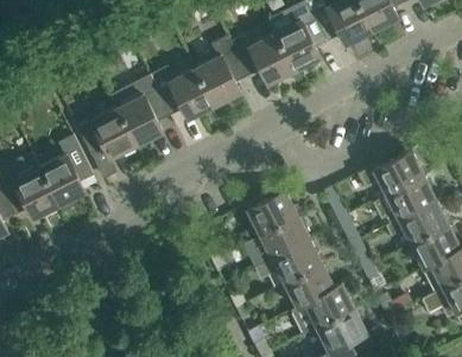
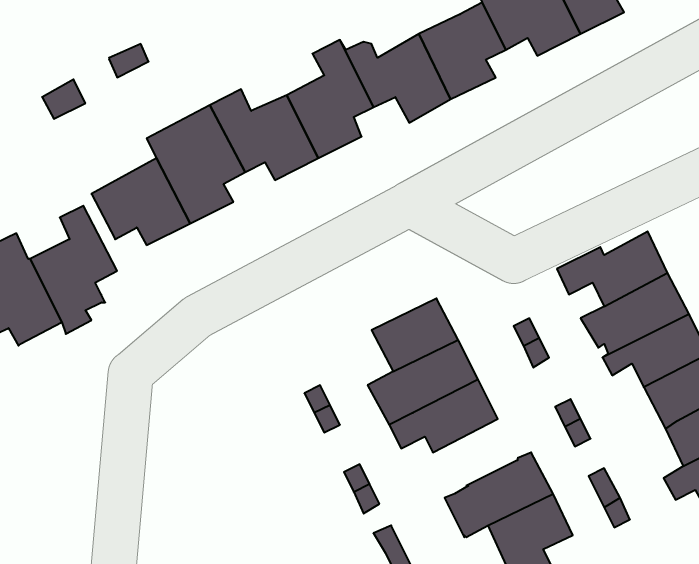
building: [283,263,334,308] -> none

